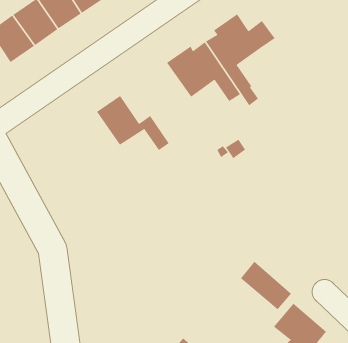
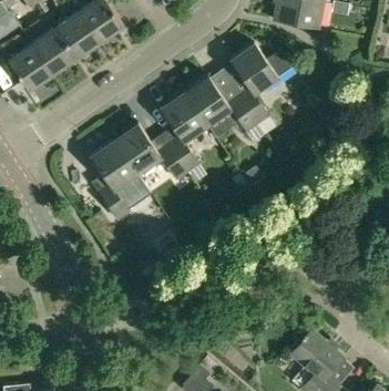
building: none -> [161,91,208,171]
building: none -> [91,140,152,216]
building: [240,261,292,310] -> none

